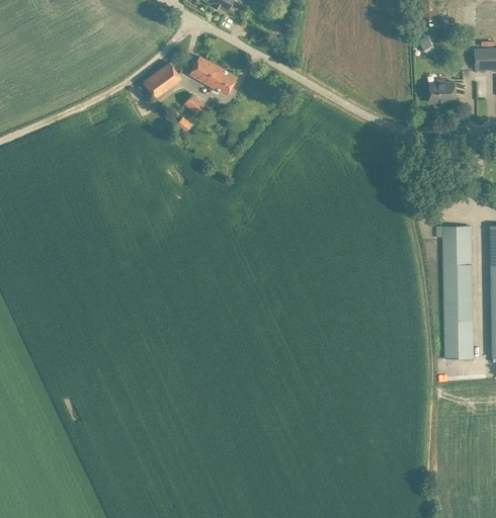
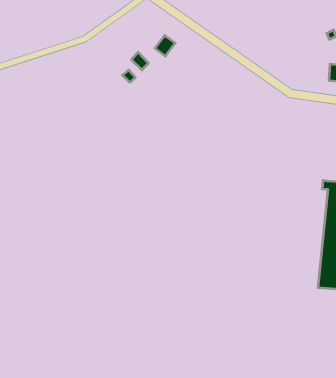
building: [189,57,222,87] -> none
building: [142,63,177,94] -> none

